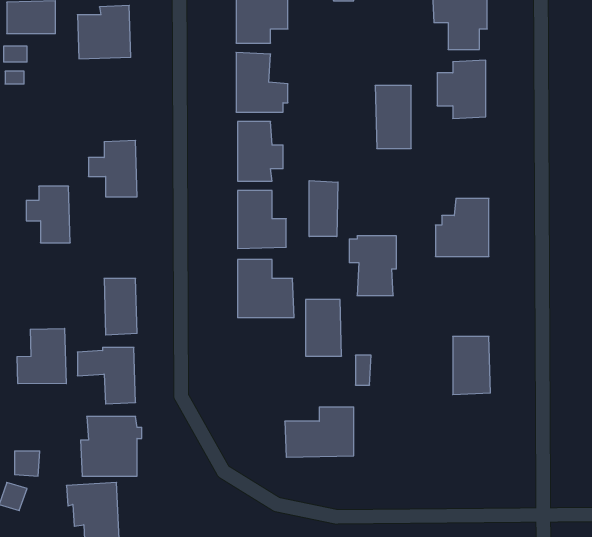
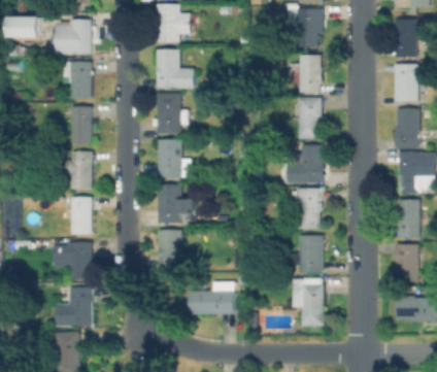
building: none -> [63,62,92,100]
building: [375,86,411,148] -> [299,98,323,139]
building: [309,181,338,237] -> none
building: [26,186,70,243] -> [64,153,93,190]
building: [349,236,396,296] -> [292,190,323,229]
building: [306,300,342,356] -> [159,231,182,268]
building: [17,328,66,384] -> none
building: none -> [292,278,324,327]

